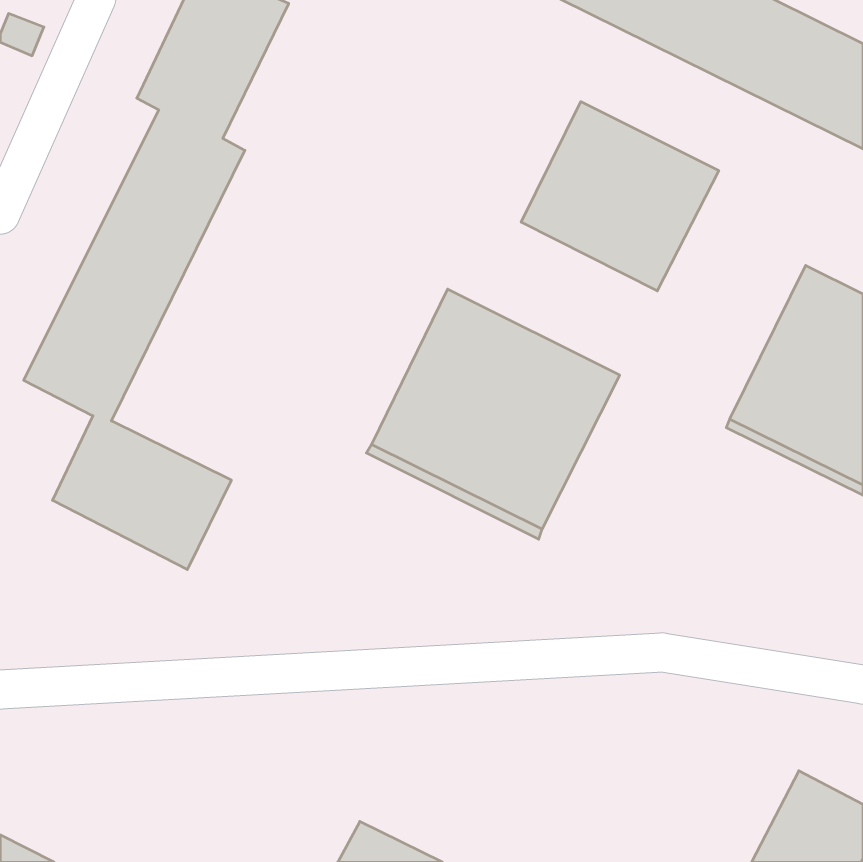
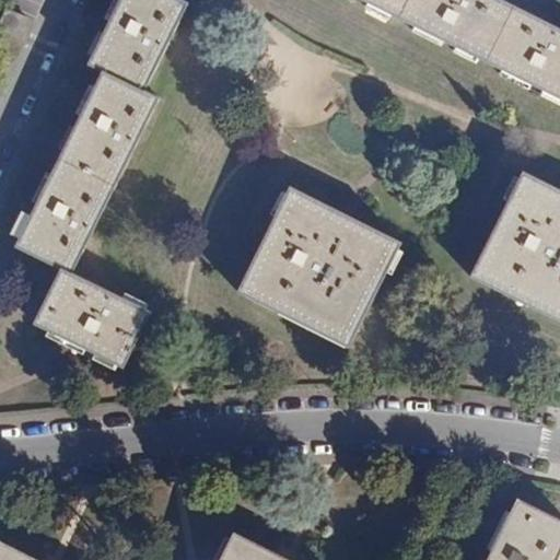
building: [521,102,719,291] -> none

